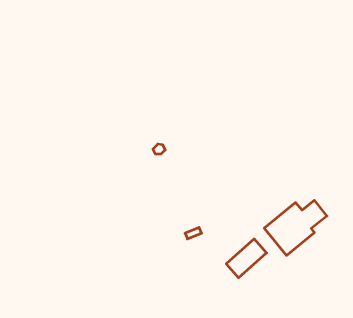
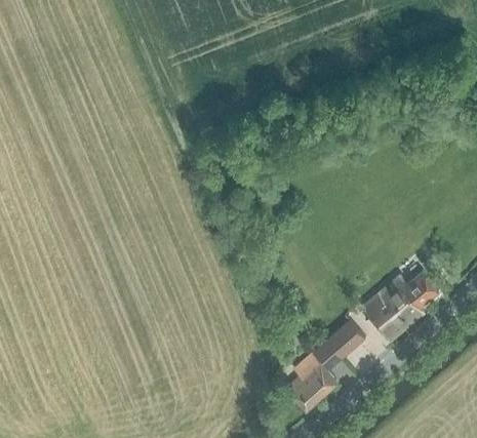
building: none -> [286,353,339,412]

